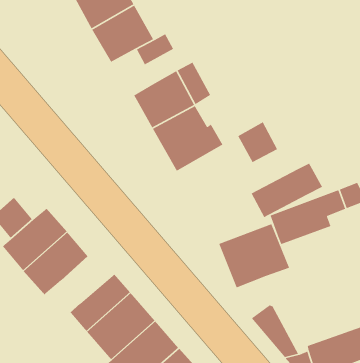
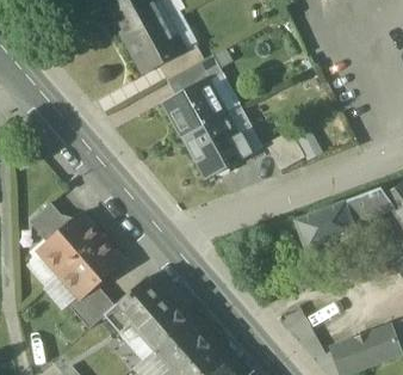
building: none -> [176,55,223,92]
building: [250,162,323,218] -> none
building: [218,223,290,288] -> none
building: none -> [69,283,114,327]

